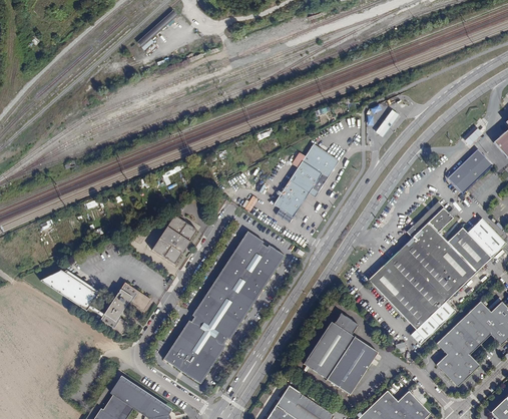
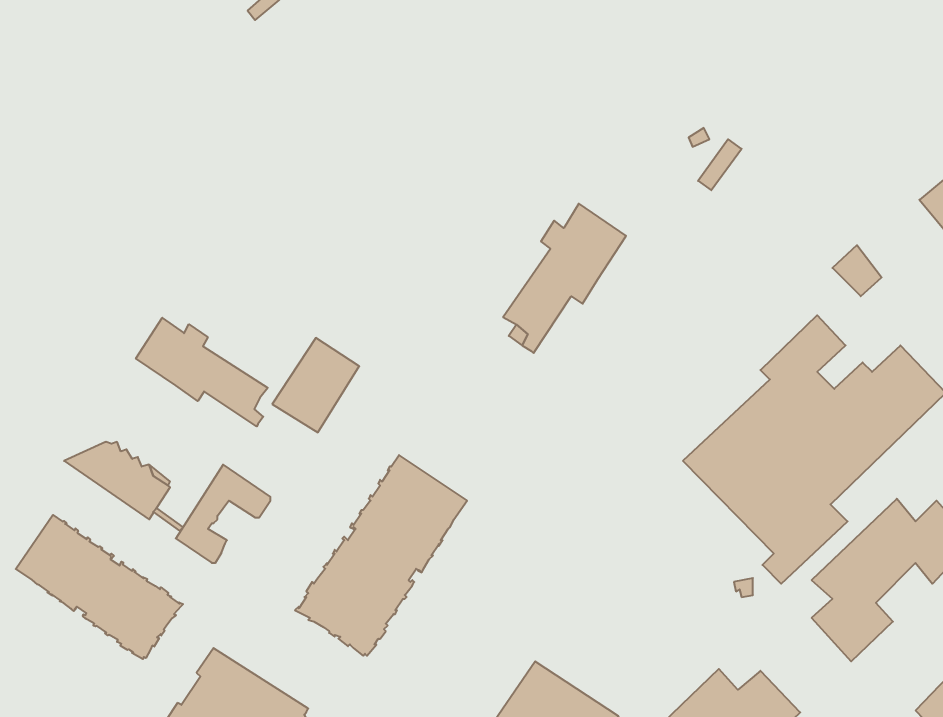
building: [460,148,492,182] -> none
building: none -> [136,318,268,426]
building: [216,231,284,302] -> none
building: none -> [16,515,183,659]
building: [304,313,381,396] -> none

